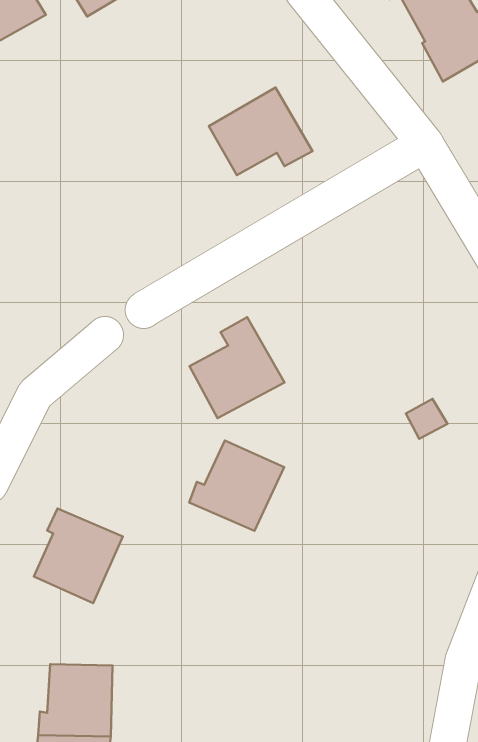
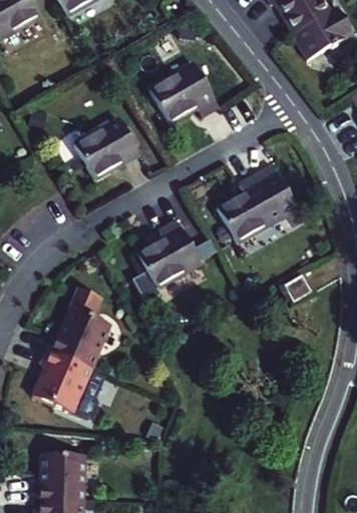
building: none -> [74,117,138,176]
building: none -> [218,164,297,242]
building: [189,440,284,531] -> [48,306,112,367]

